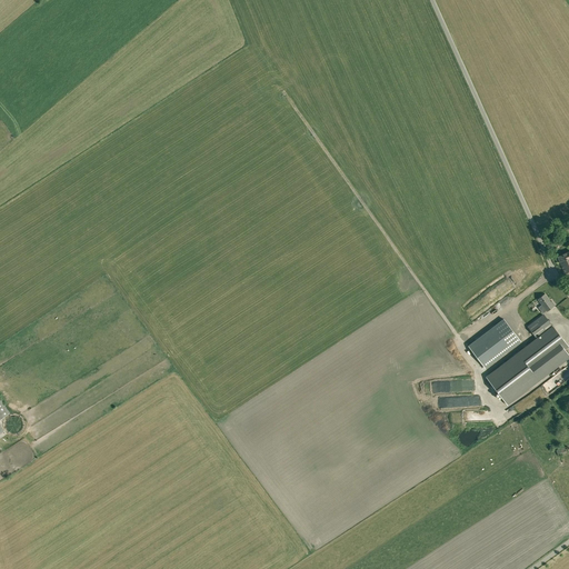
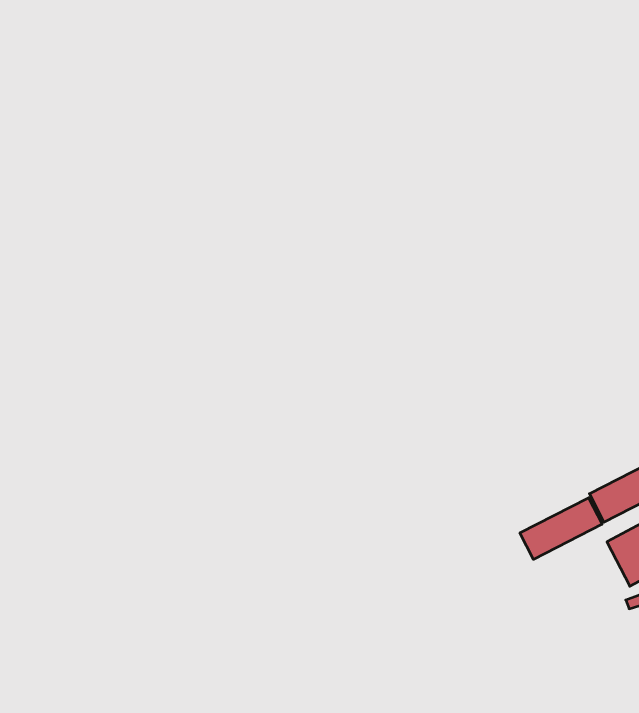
building: none -> [520,498,602,559]

